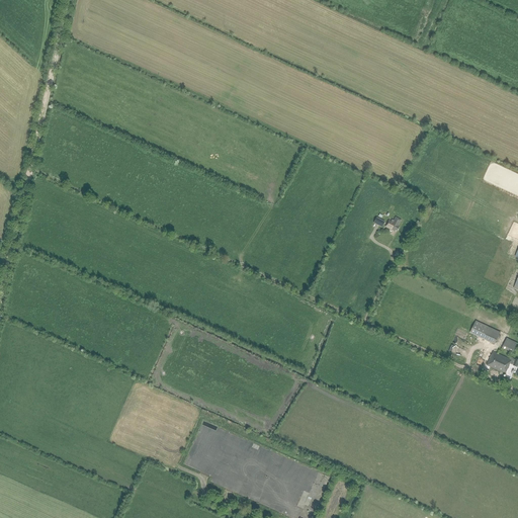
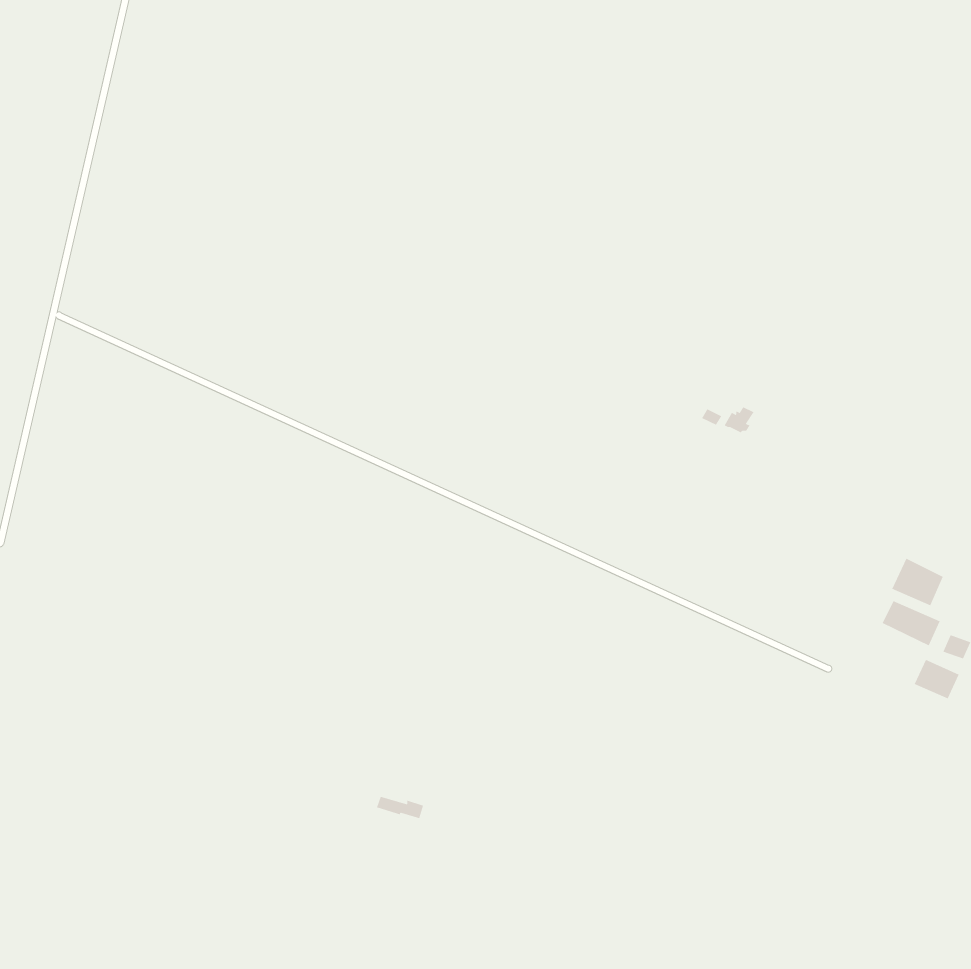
building: none -> [892,558,943,606]

